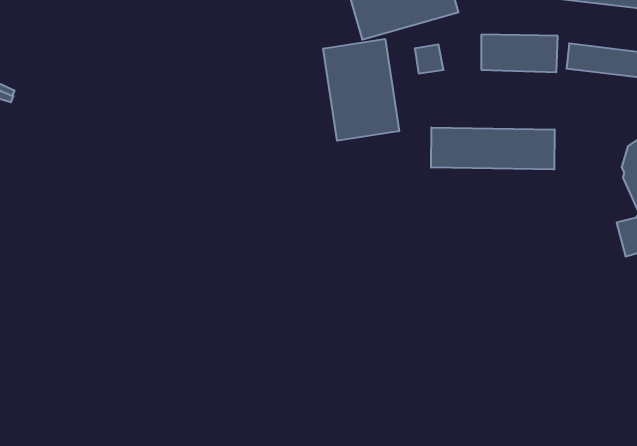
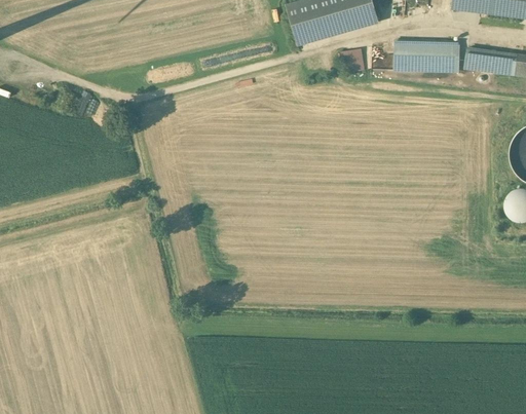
building: [323,39,399,141] -> none
building: [431,127,555,170] -> none

